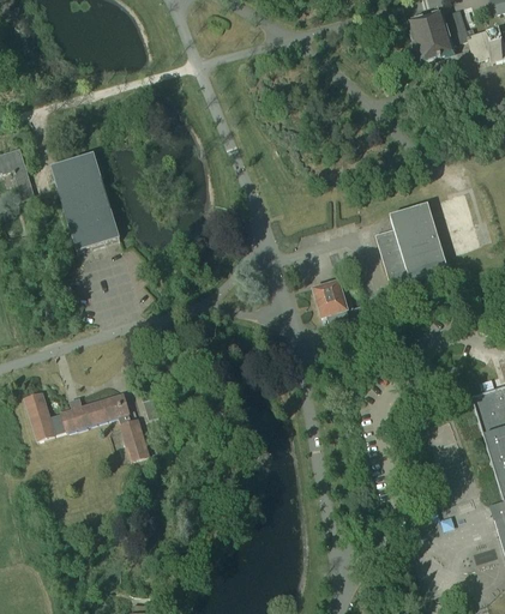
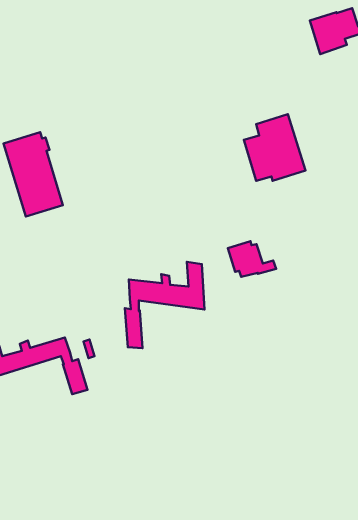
building: [375,204,447,282] -> [244,114,305,181]
building: none -> [125,262,205,348]

